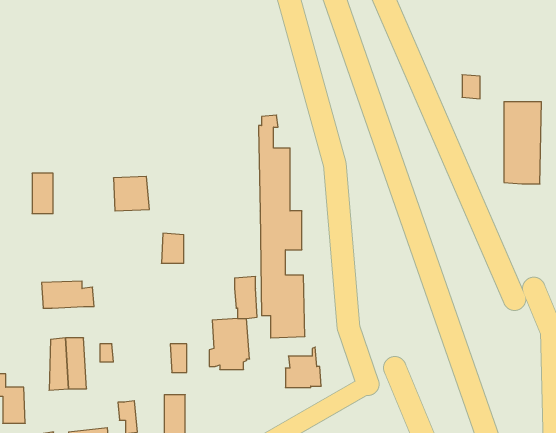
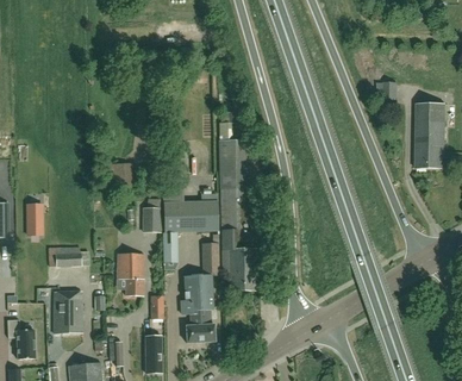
building: [32,173,53,214] -> [26,202,43,235]
building: none -> [162,177,218,238]
building: none -> [117,252,144,295]
building: [285,347,321,388] -> [187,308,216,341]

